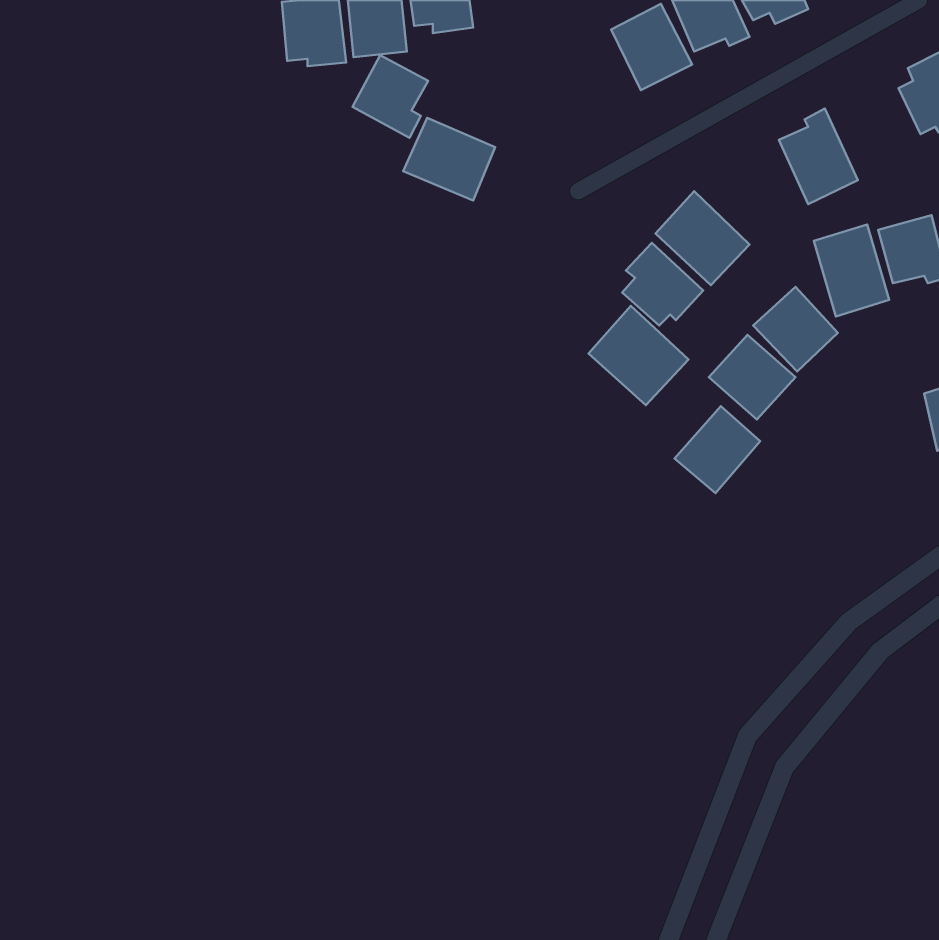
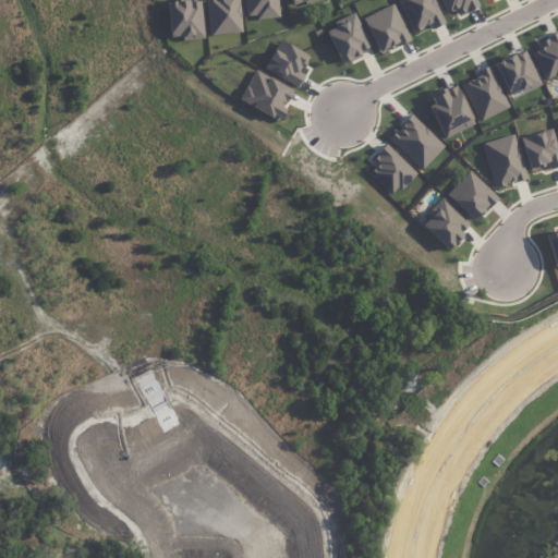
building: none -> [326,9,372,63]
building: [353,55,428,138] -> [264,37,308,86]
building: none -> [495,49,542,94]
building: none -> [430,83,475,137]
building: [589,306,688,405] -> none
building: [674,406,760,493] -> none

